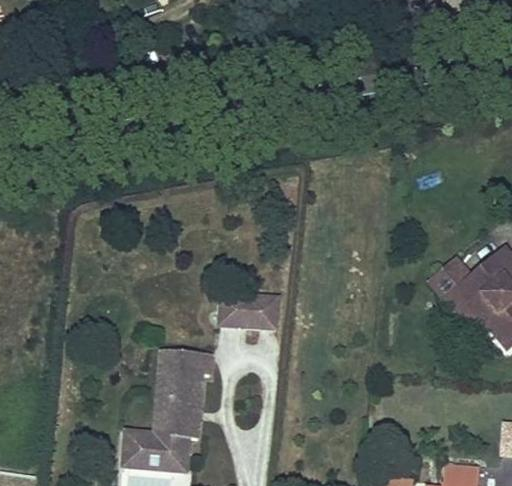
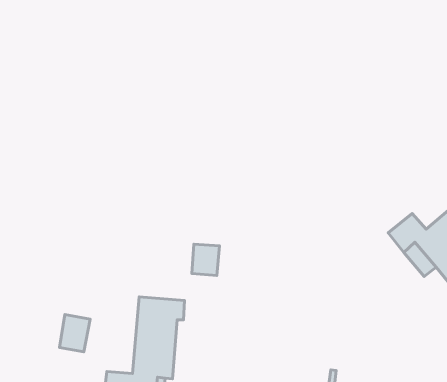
building: [246,296,278,330] -> none
building: none -> [59,315,90,352]

